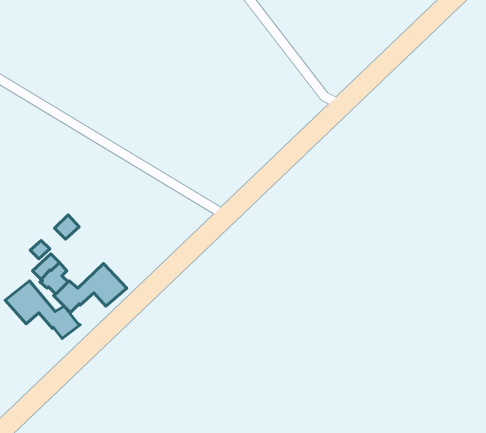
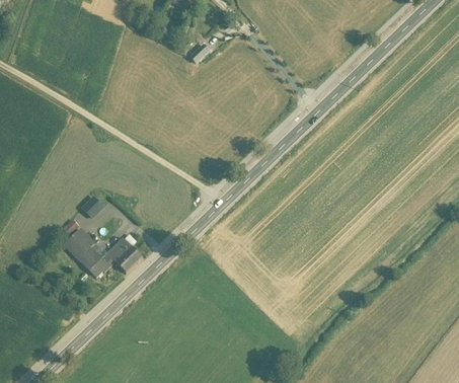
building: [5,281,80,338] -> none

